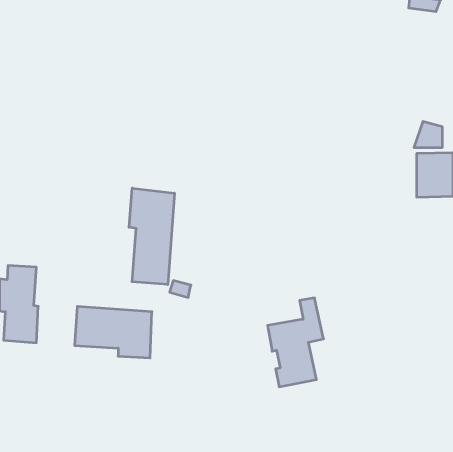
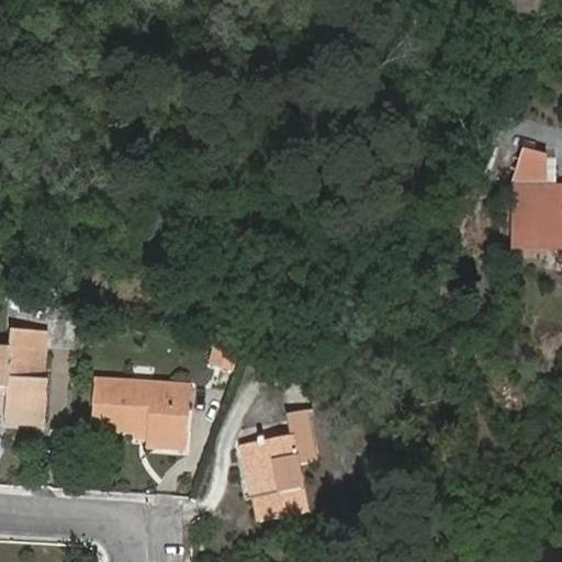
building: [129,188,174,285] -> none
building: [268,298,324,387] -> [246,409,315,519]

